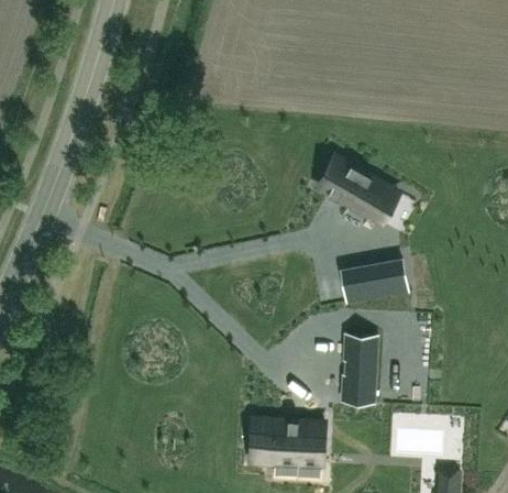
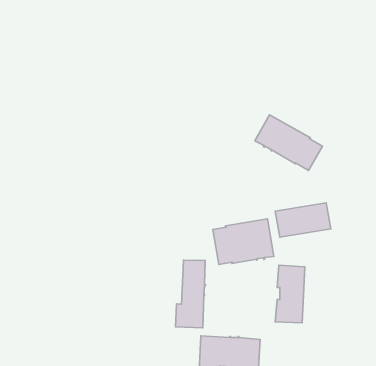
building: none -> [213,219,274,265]
building: none -> [176,260,205,328]

